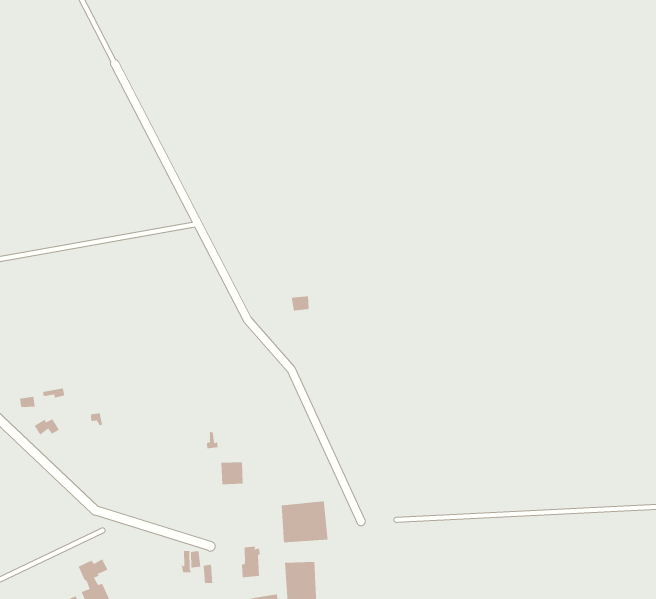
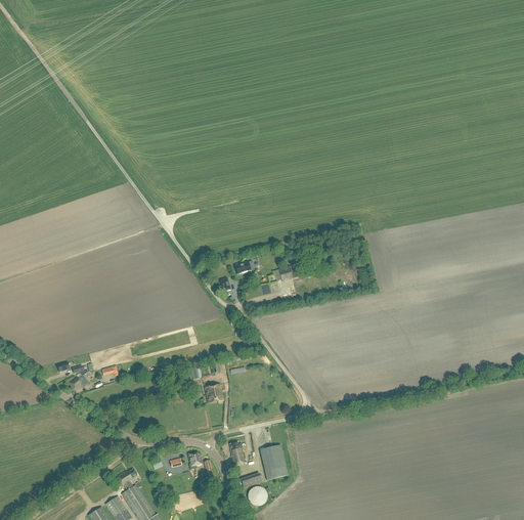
building: [281,500,328,543] -> none

